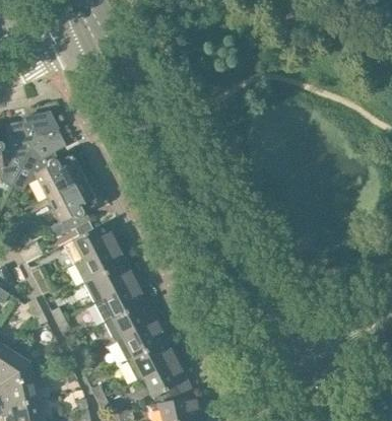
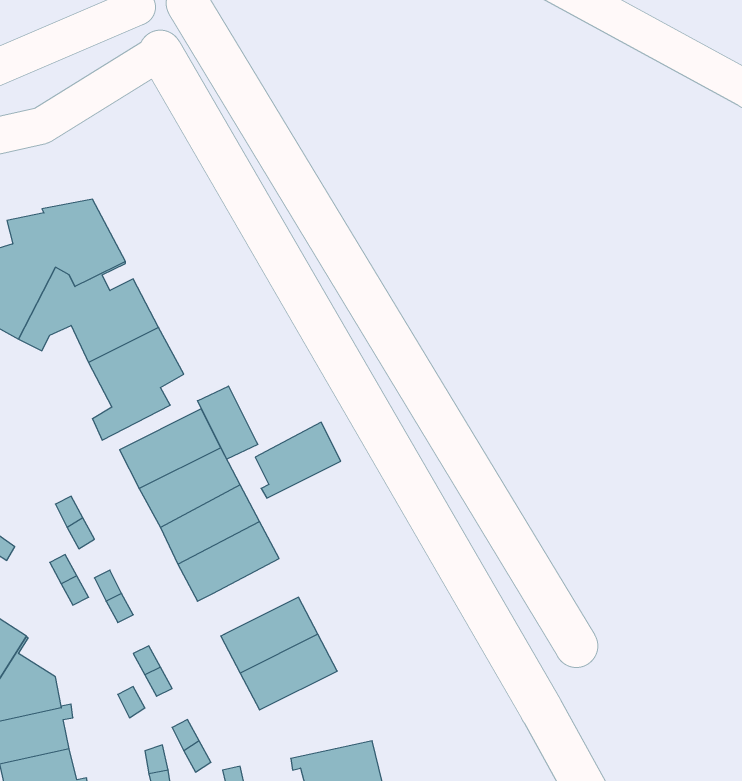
building: none -> [197,386,258,459]
building: [112,300,156,340] -> [255,422,341,498]
building: [138,359,195,400] -> none

